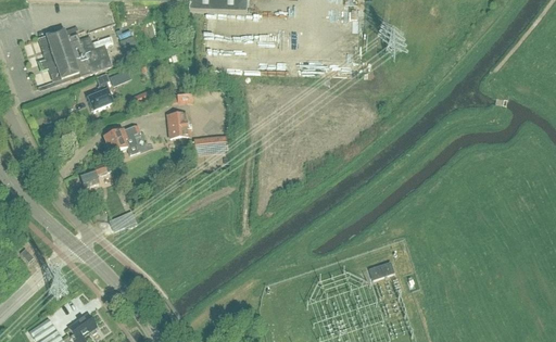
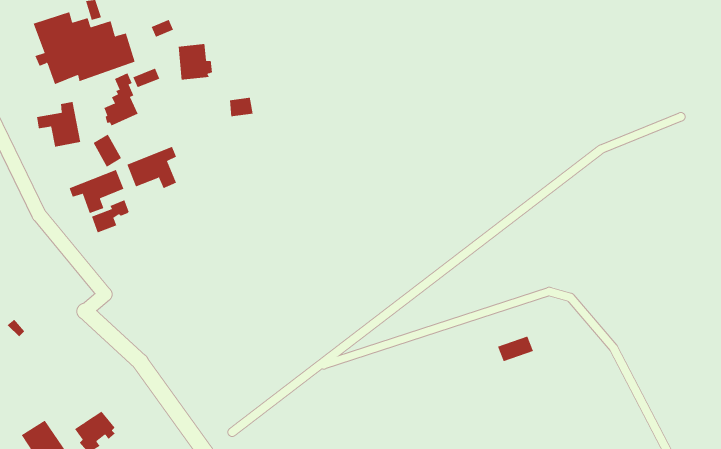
building: none -> [36,101,81,148]
building: [166,111,191,137] -> [178,44,213,80]
building: none -> [69,169,124,214]

